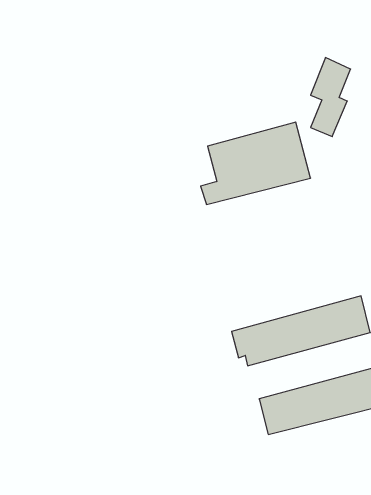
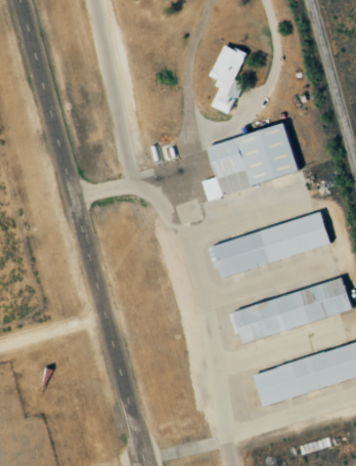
building: [311,58,351,137] -> [210,42,246,113]
building: none -> [208,213,331,274]

